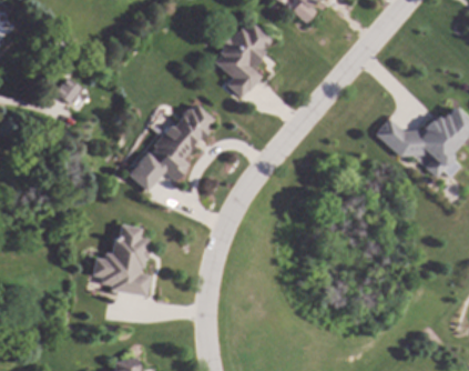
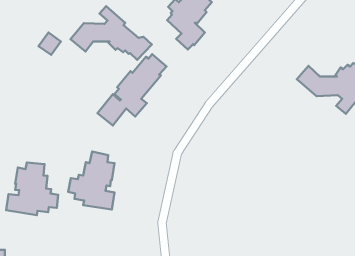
building: none -> [71,6,152,60]
building: none -> [6,162,58,215]

